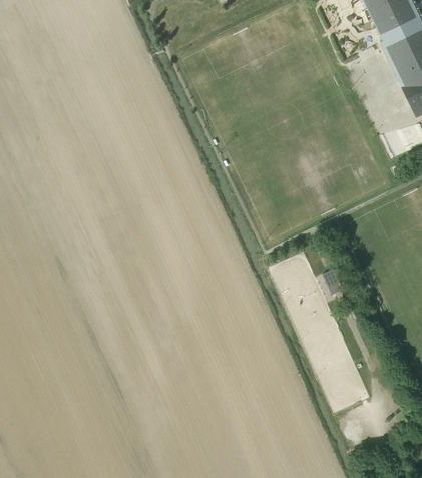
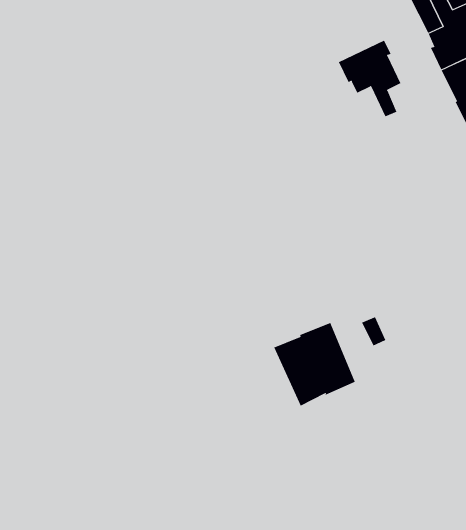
building: none -> [338,40,401,117]
building: none -> [273,322,355,406]

